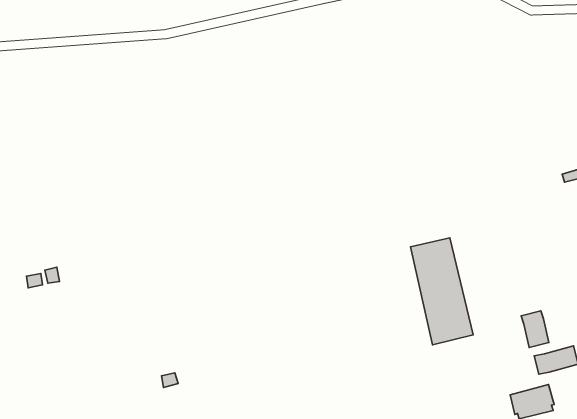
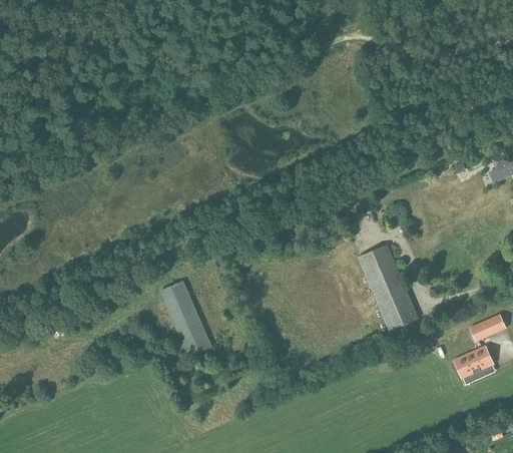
building: none -> [160,282,210,356]
building: [521,311,549,347] -> none

